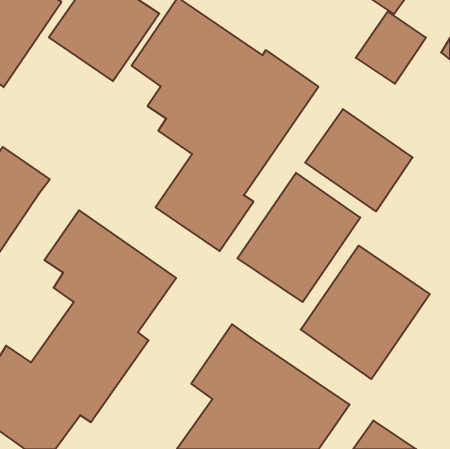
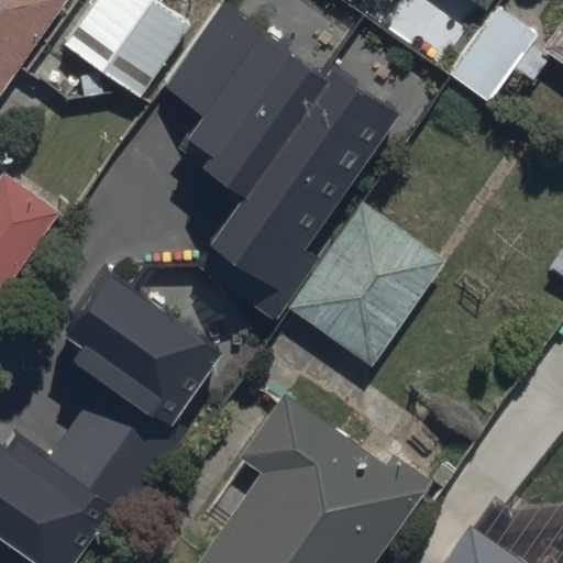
building: [305,109,413,211] -> none
building: [301,246,430,379] -> none

